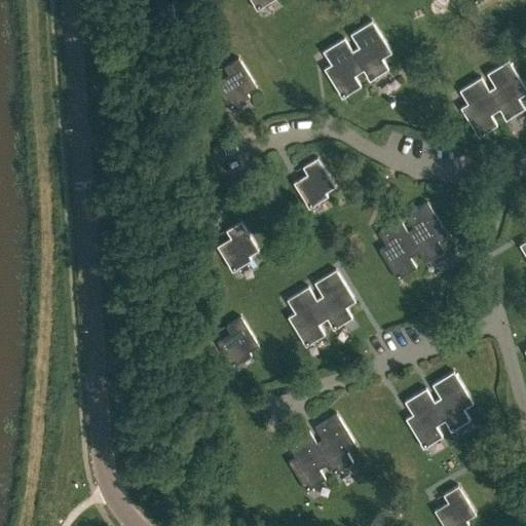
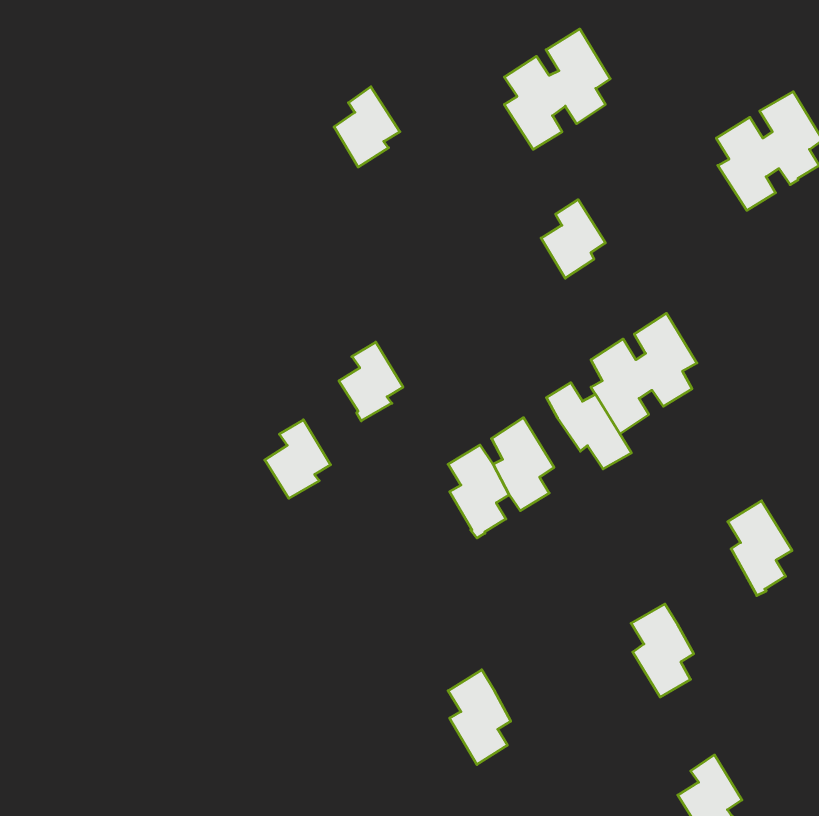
building: [294,159,335,210] -> [541,200,605,278]
building: none -> [546,383,631,469]
building: [217,317,259,368] -> [265,420,331,498]
building: [433,372,474,433] -> [728,501,792,596]
building: [315,415,356,475] -> none

